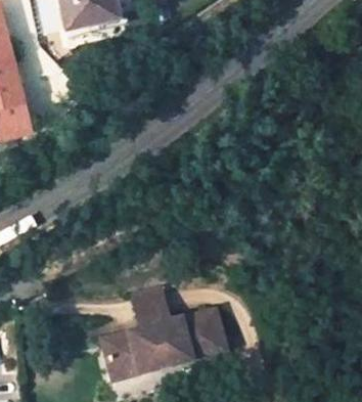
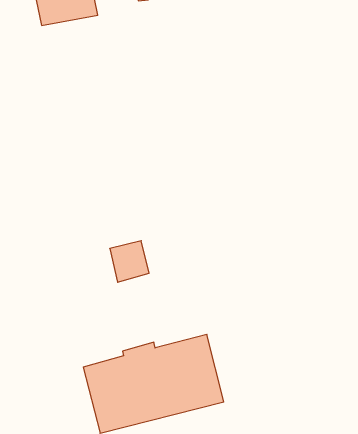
building: [132,286,168,324] -> [110,241,149,282]

